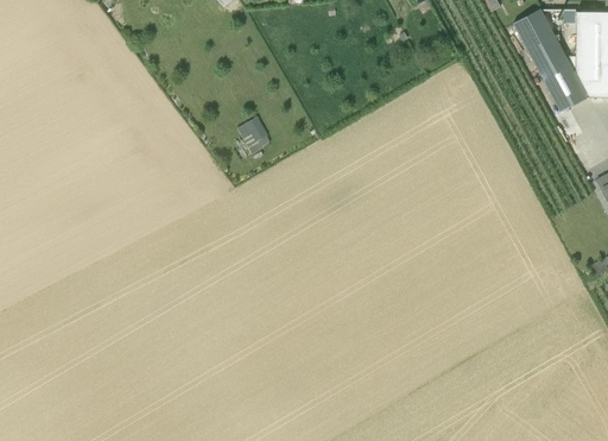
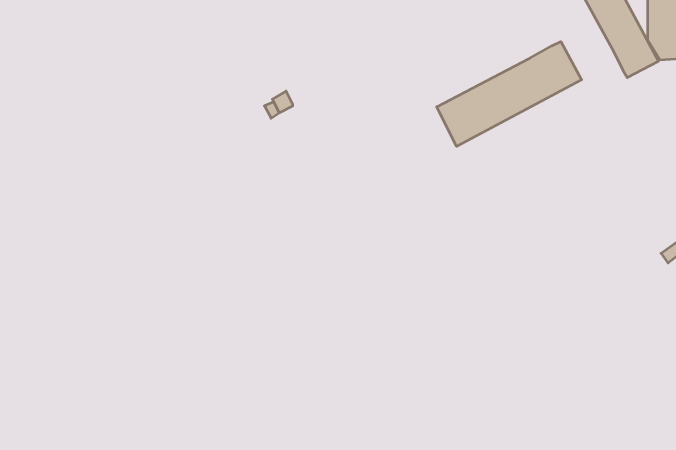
building: none -> [437,42,582,146]

